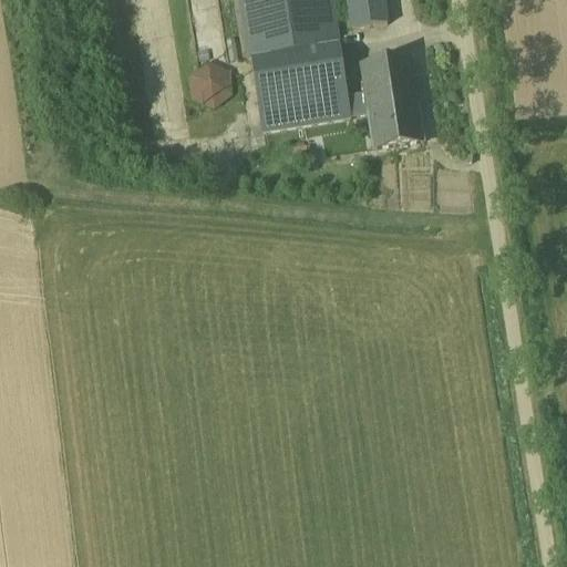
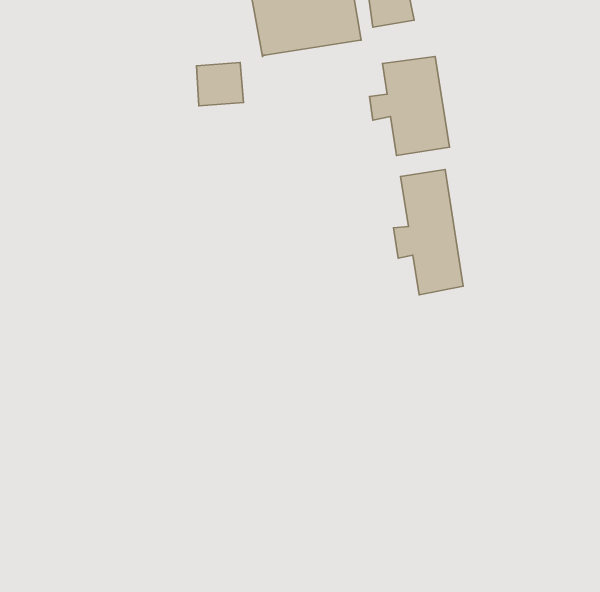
building: [250,38,352,128] -> none
building: none -> [393,170,463,295]

